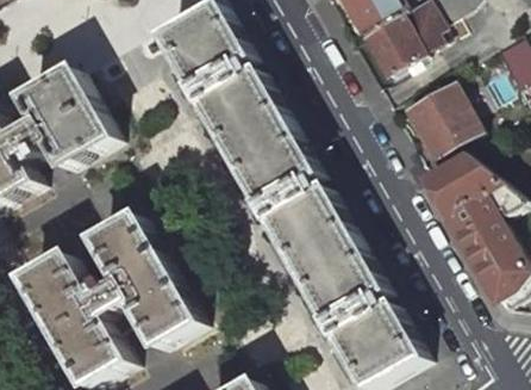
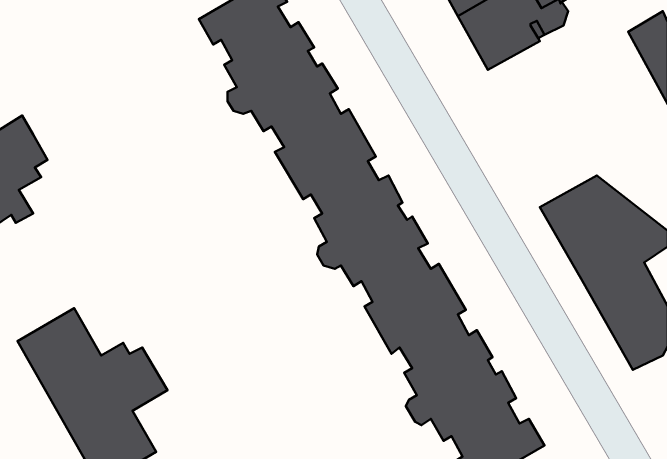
building: [26,70,115,169] -> none
building: [405,85,479,159] -> none
building: [96,217,201,349] -> none

